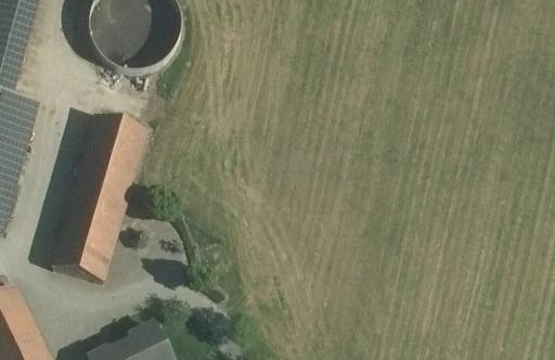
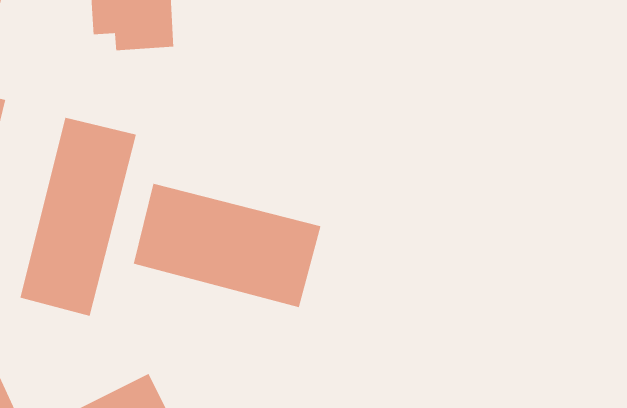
building: none -> [133,183,321,308]

